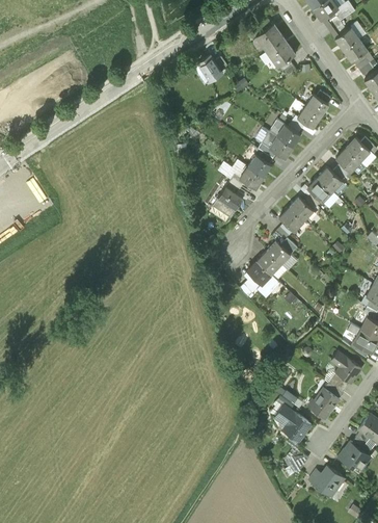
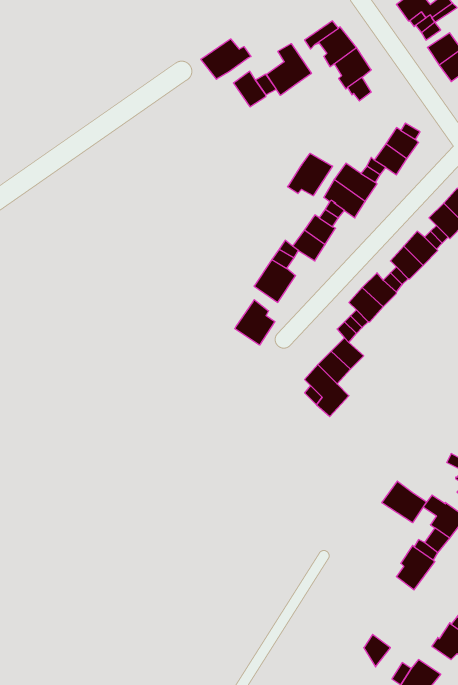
building: none -> [201,39,251,79]
building: none -> [267,44,311,95]
building: none -> [288,153,333,196]
building: none -> [235,300,275,345]
building: none -> [382,481,426,523]
building: [277,406,310,442] -> none

